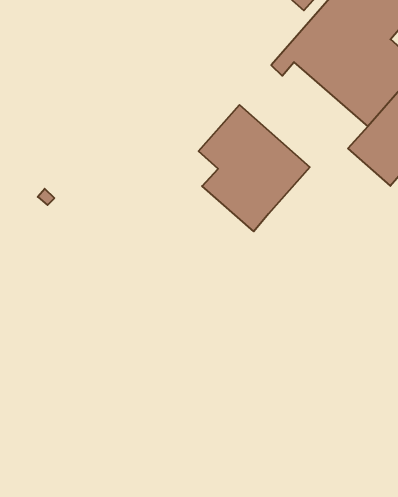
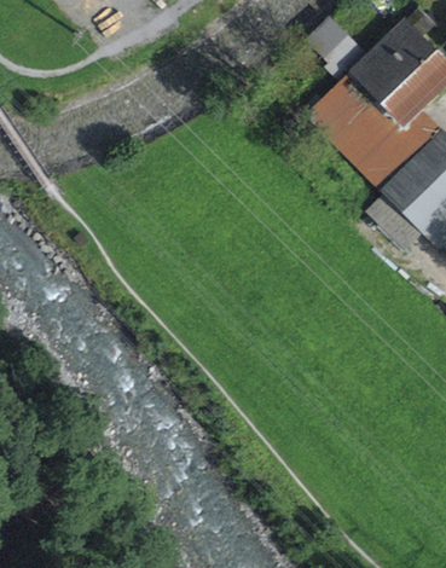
building: [199,105,310,231] -> none

